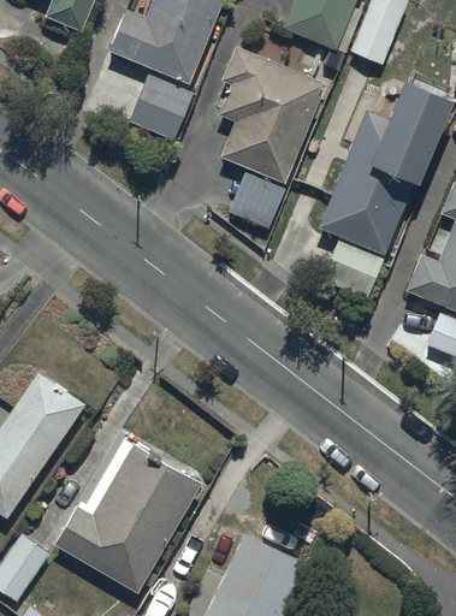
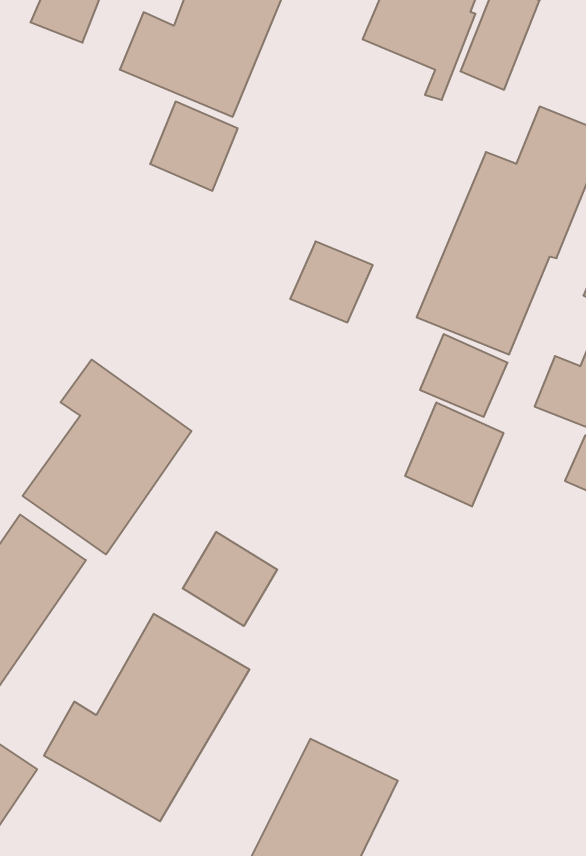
building: [220,48,327,186] -> none
building: none -> [23,360,191,554]
building: none -> [405,402,503,507]
building: none -> [183,532,277,626]

